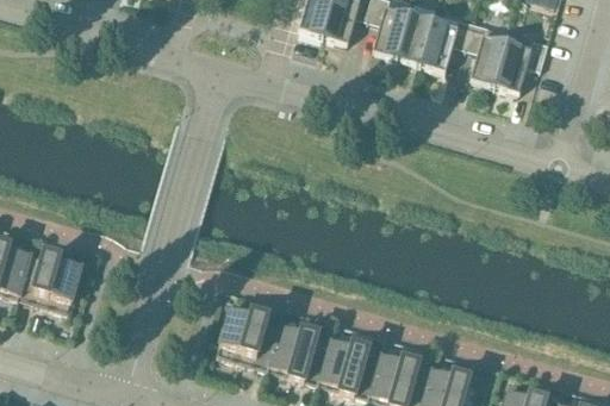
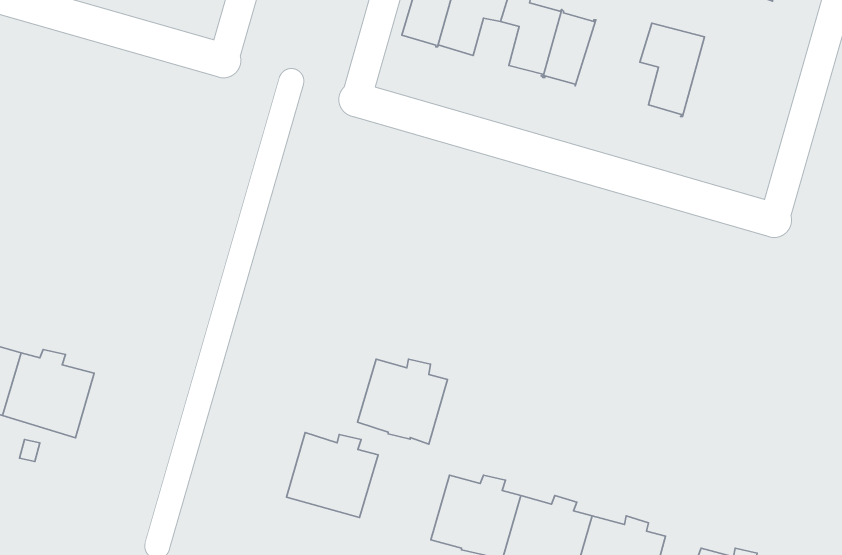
building: [419,17,473,71] -> none
building: [494,31,548,93] -> none
building: [268,324,331,383] -> [357,359,448,444]

